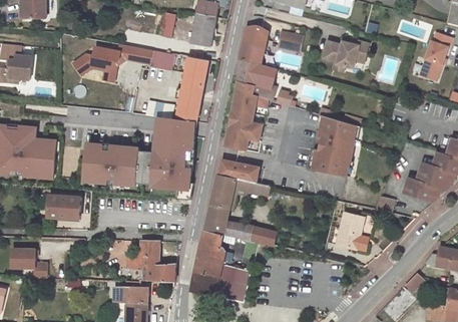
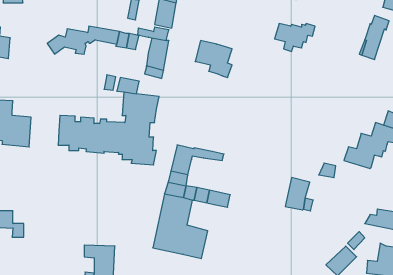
building: [240,26,269,64] -> none
building: [278,30,304,52] -> none
building: [223,83,267,151] -> none
building: [177,97,199,121] -> none
building: [312,116,356,177] -> none
building: [217,162,258,184] -> none
building: [47,196,79,219] -> none
building: [125,241,174,282] -> none

